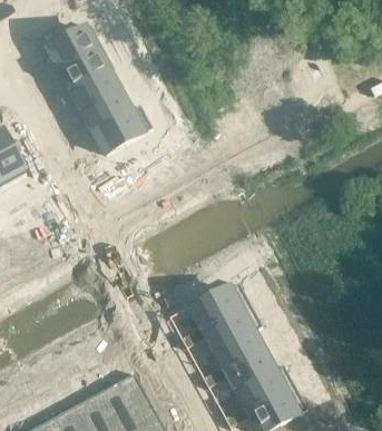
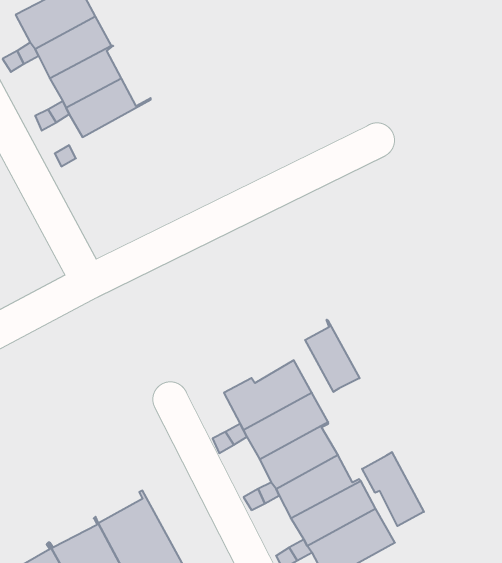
building: [91,105,150,153] -> none
building: none -> [305,320,360,392]
building: none -> [362,452,424,526]

